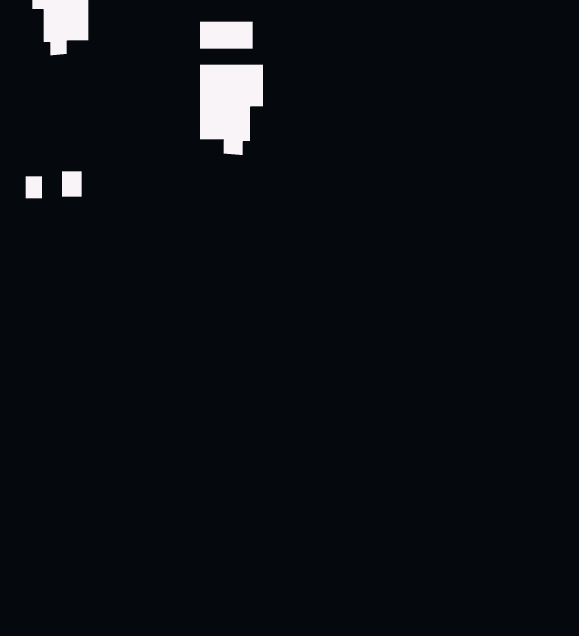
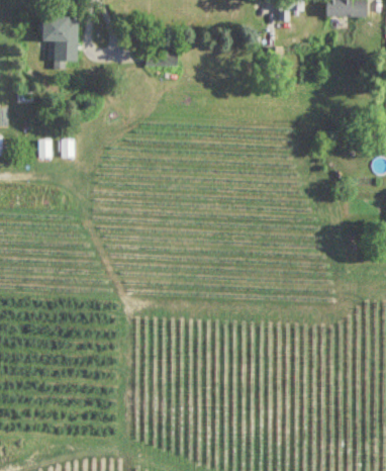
building: [199,64,263,156] -> none

